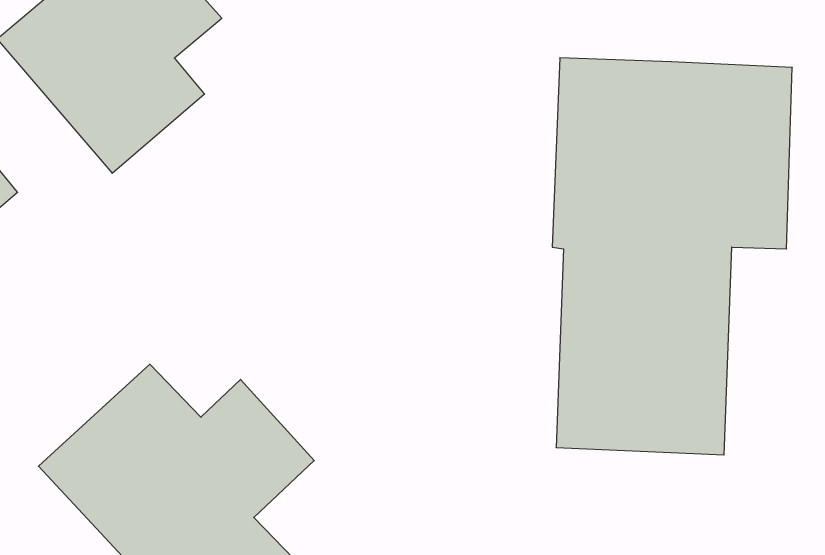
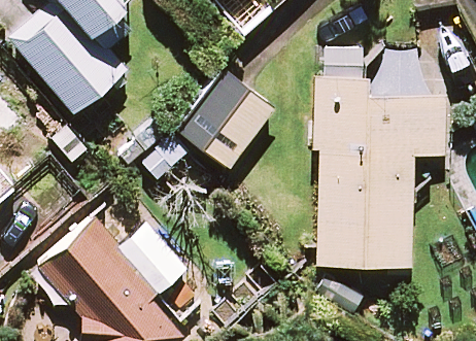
building: none -> [175,67,276,170]

